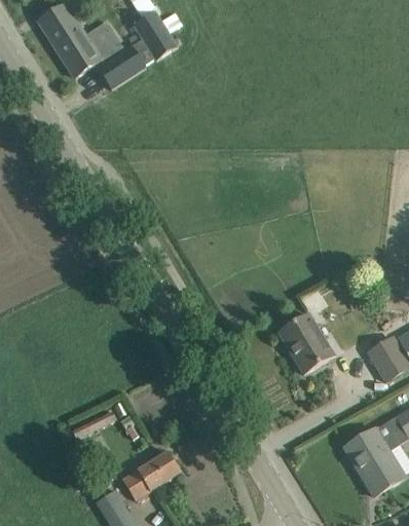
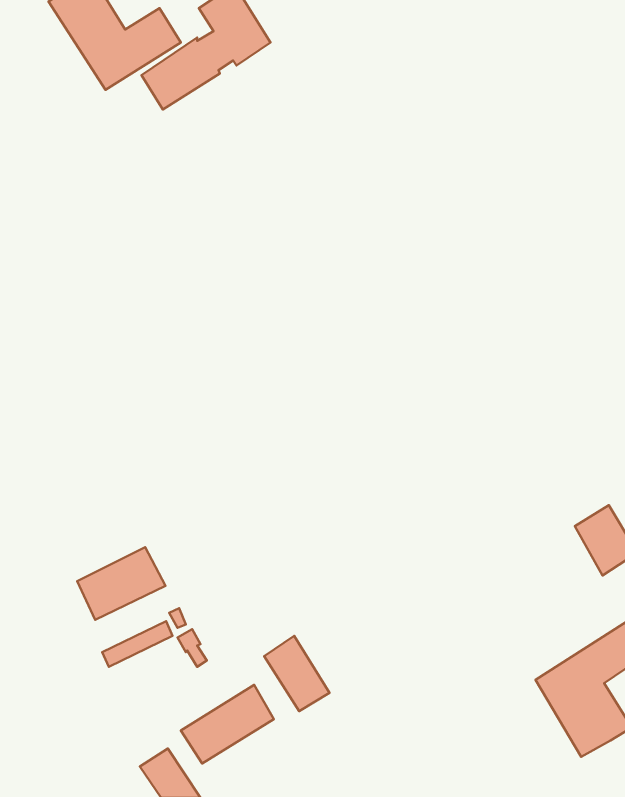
building: [278,313,334,373] -> none
building: none -> [77,547,165,620]
building: none -> [264,636,330,711]

